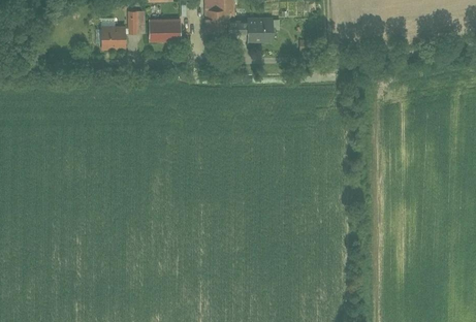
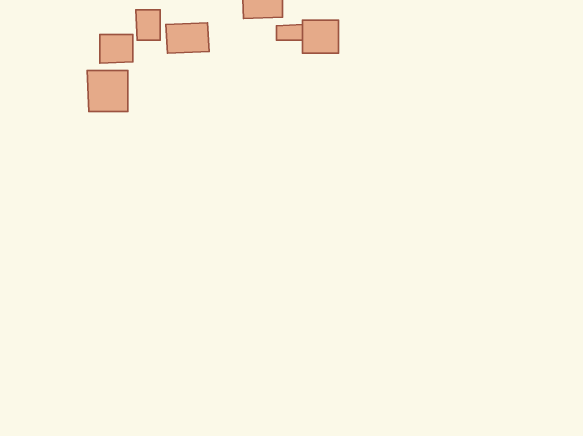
building: none -> [87,71,128,112]

